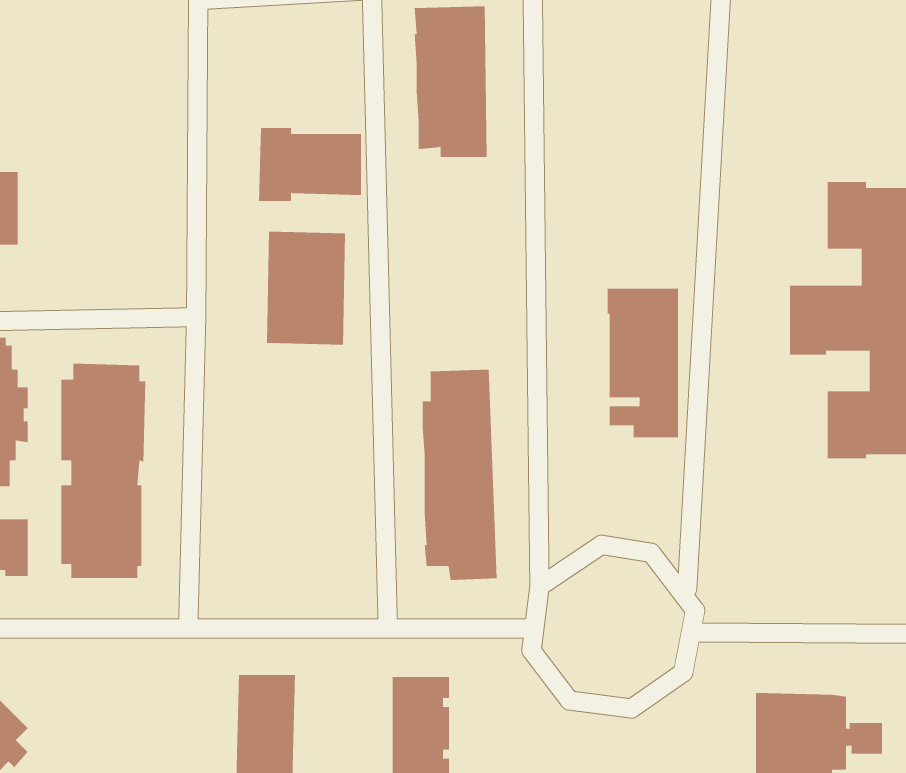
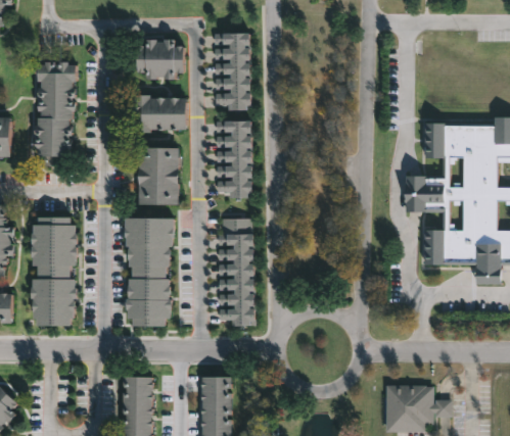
building: none -> [138,39,185,80]
building: none -> [35,60,77,164]
building: [607,288,679,438] -> [216,122,252,198]
building: none -> [125,215,174,326]

